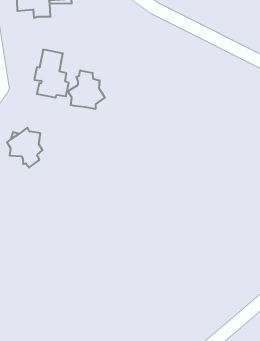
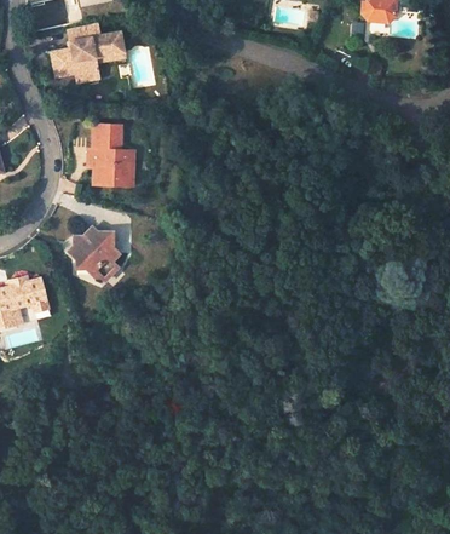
building: [68,70,105,109] -> none

